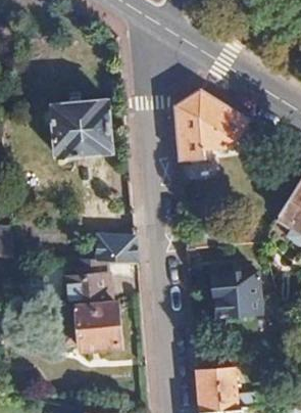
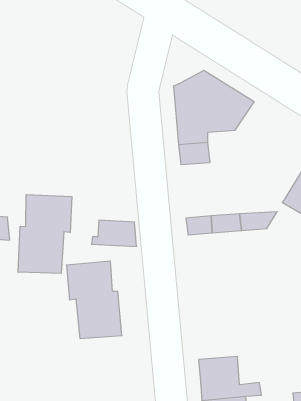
building: [53,101,113,155] -> none
building: none -> [18,195,72,273]
building: [212,272,261,319] -> none

